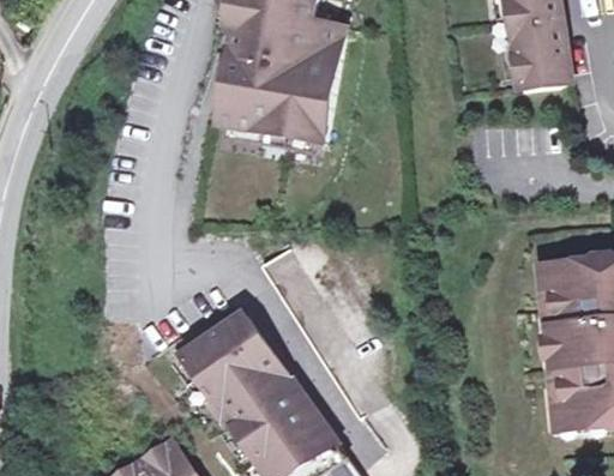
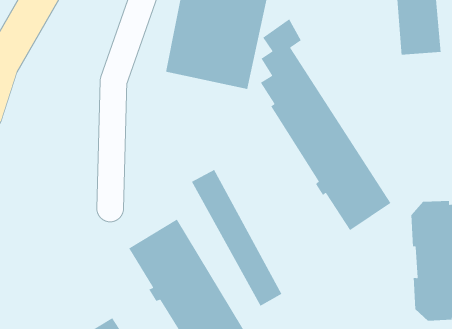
building: none -> [260,18,392,231]

